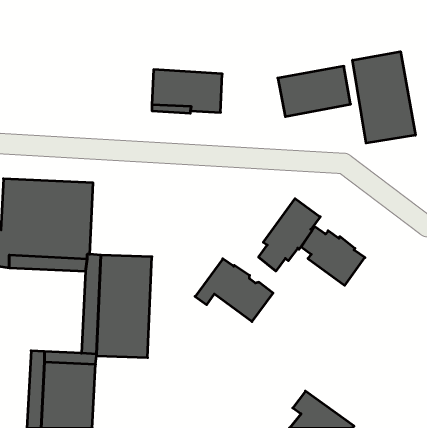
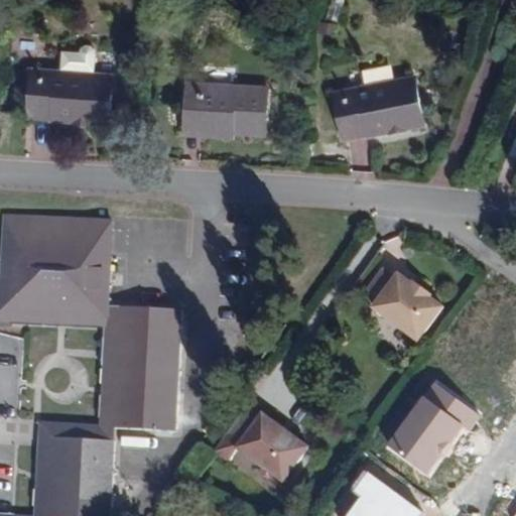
building: none -> [29,46,112,121]
building: [353,52,415,143] -> none
building: [259,199,320,271] -> none
building: [195,259,273,322] -> [214,406,307,482]
building: none -> [384,381,478,476]

